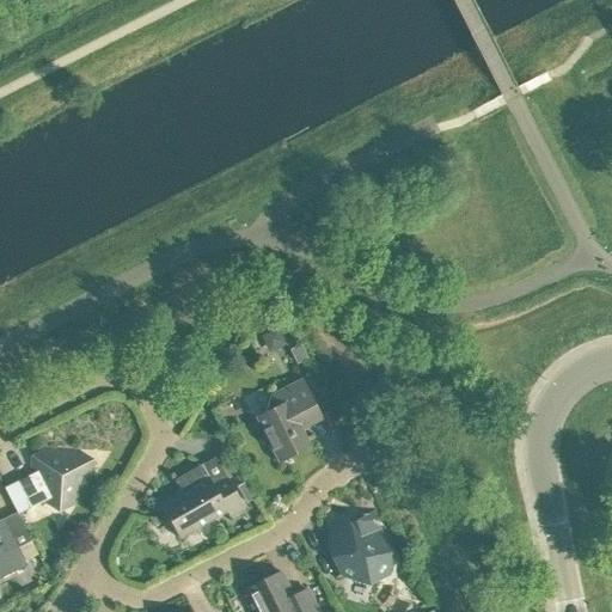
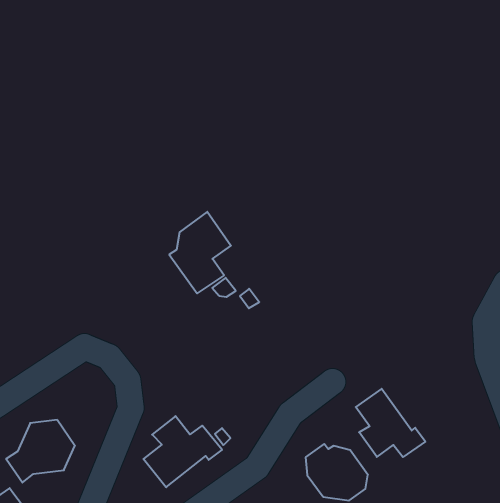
building: [256,378,322,461] -> [169,212,231,293]
building: none -> [356,389,425,457]

